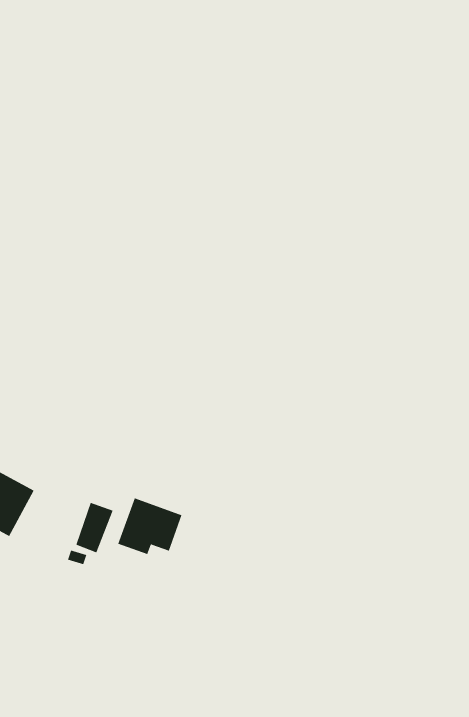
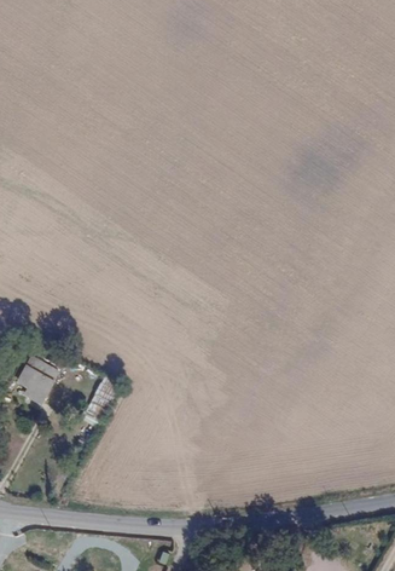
building: [118,498,182,555] -> none

